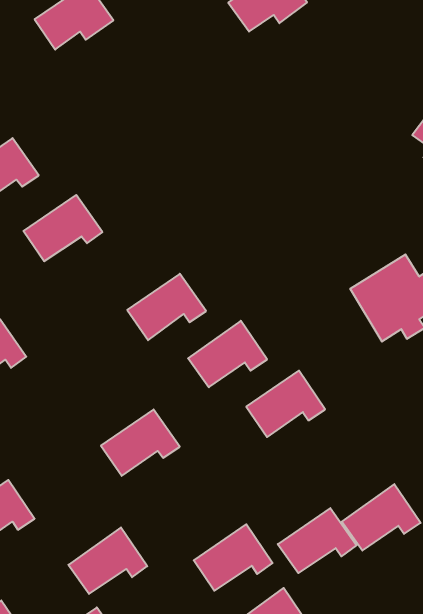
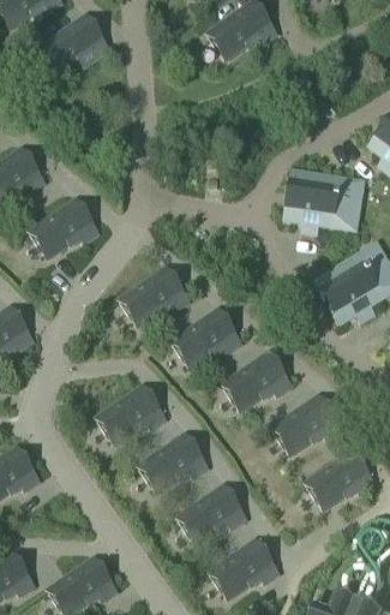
building: none -> [283,168,362,237]
building: [278,508,357,573] -> [272,396,341,453]
building: [68,527,147,594] -> [139,434,208,491]

